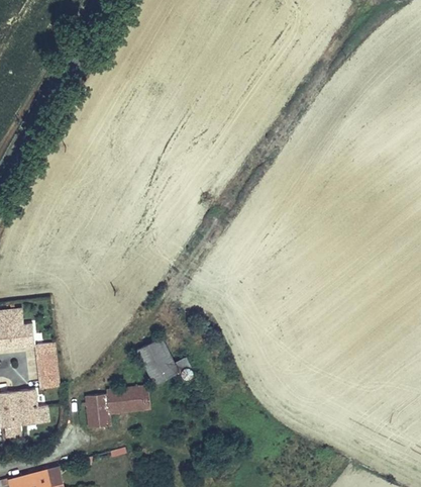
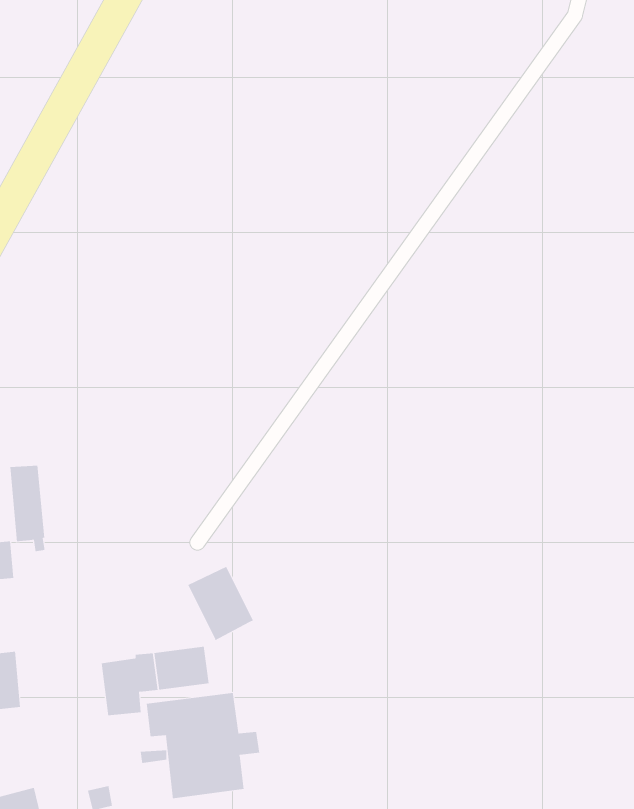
building: [37,343,59,394] -> [9,465,45,552]
building: none -> [146,692,260,799]

